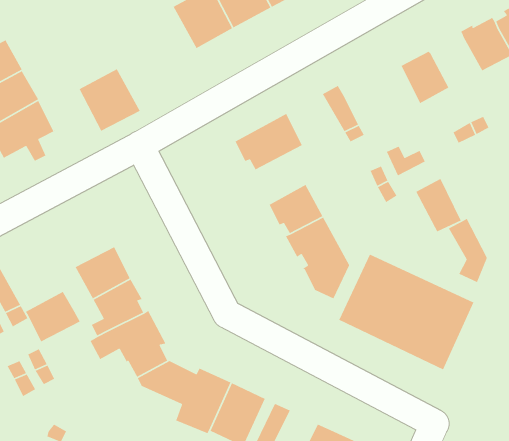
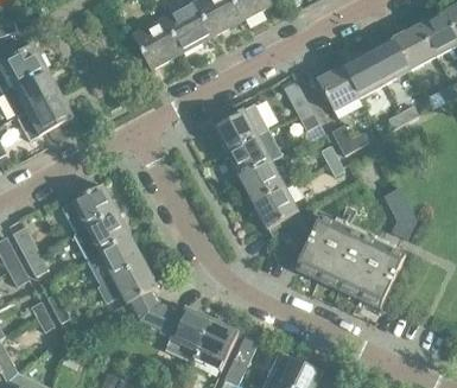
building: none -> [370,39,411,83]
building: none -> [317,65,361,112]
building: [79,68,141,132] -> [132,18,182,69]
building: none -> [226,129,281,177]
building: [415,178,462,234] -> none
building: [25,291,81,343] -> [71,185,116,227]

